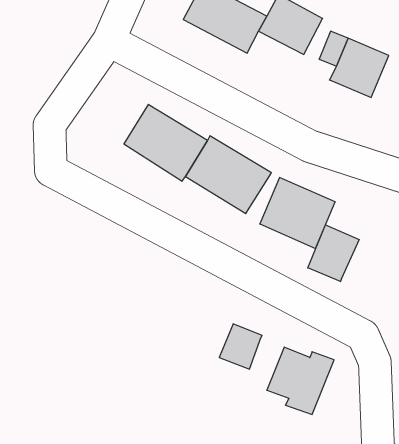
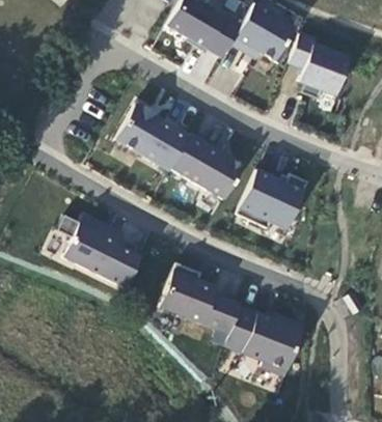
building: [308,225,359,282] -> none
building: none -> [60,214,142,284]
building: none -> [160,266,217,327]
building: none -> [224,309,260,356]

